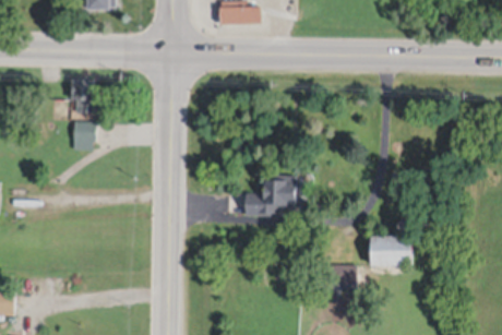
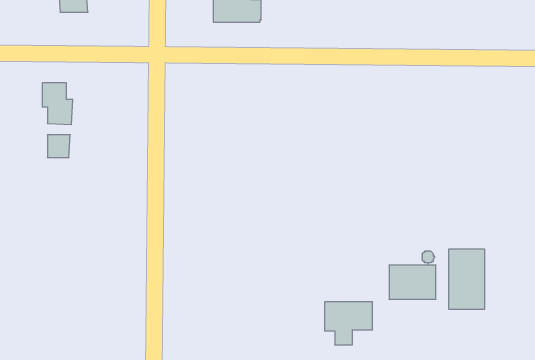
building: [244,175,300,216] -> none
building: none -> [449,249,484,309]

